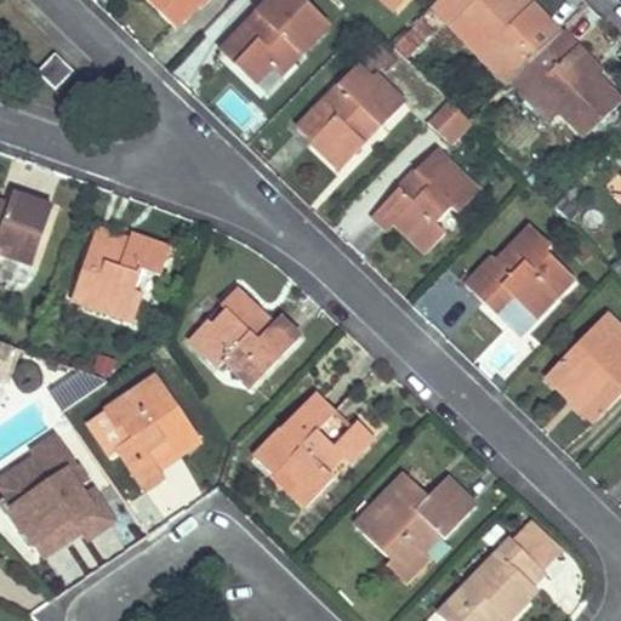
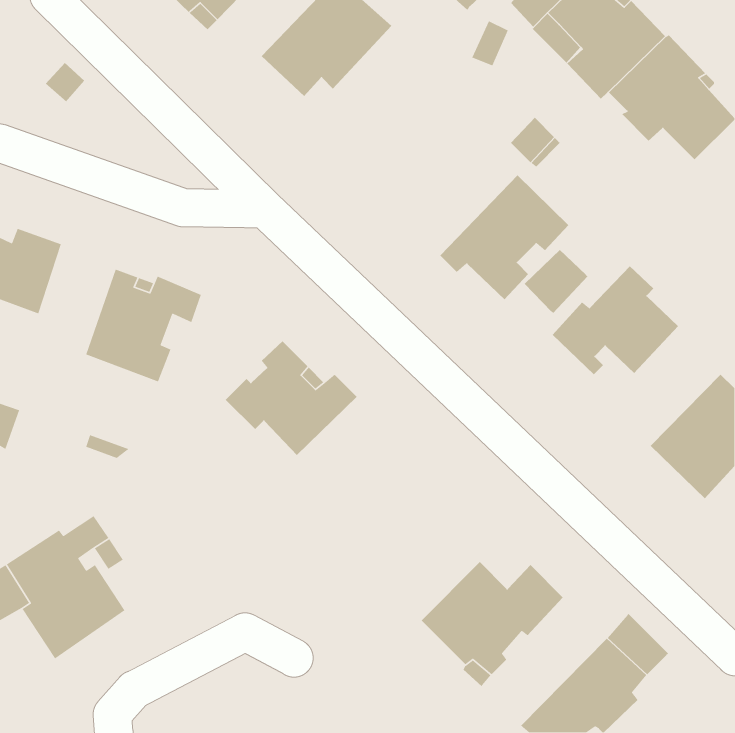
building: [298,41,403,167] -> none
building: none -> [524,249,588,314]
building: [103,372,200,489] -> none
building: [253,393,372,503] -> none

